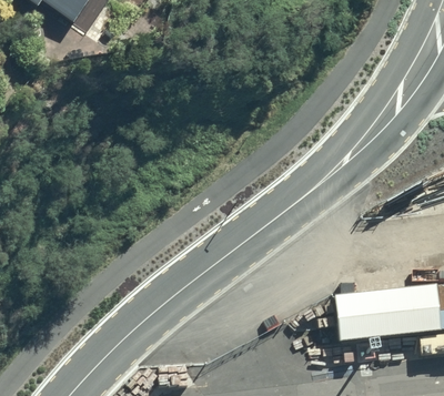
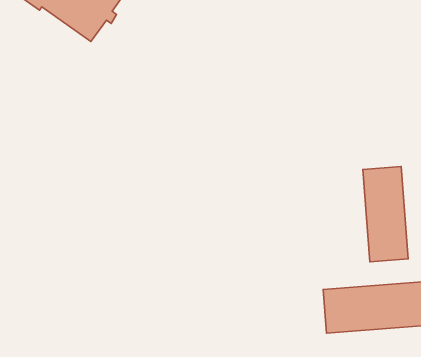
building: none -> [363,167,408,262]

